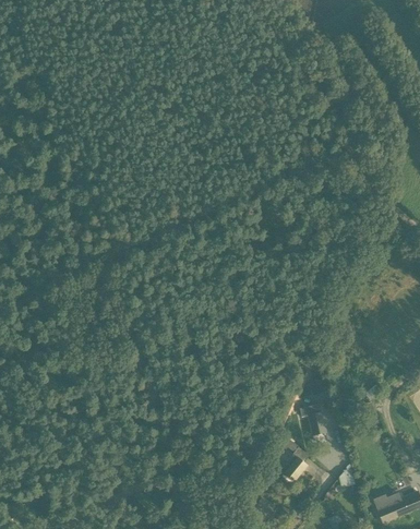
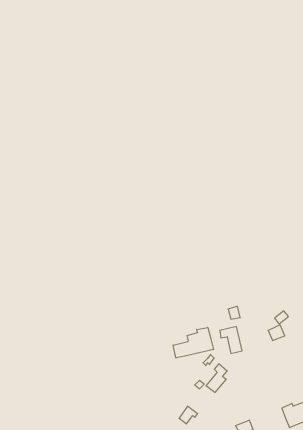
building: none -> [173,327,214,358]

